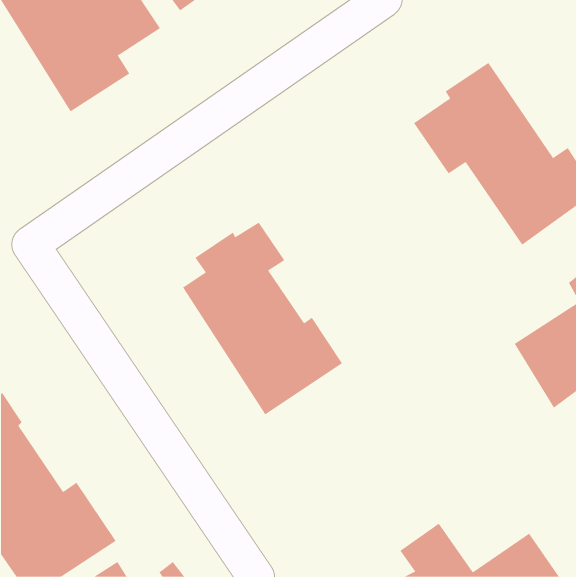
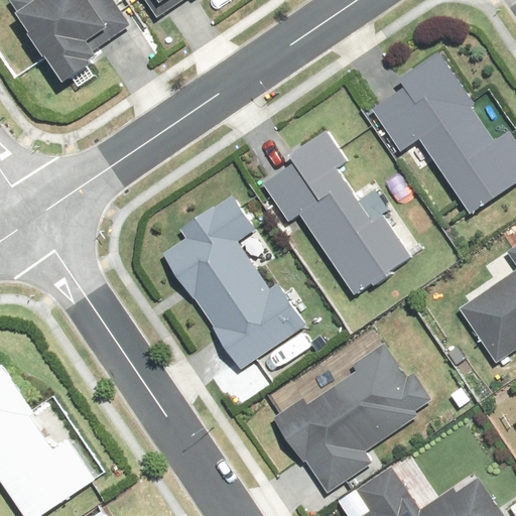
building: none -> [265,129,411,296]
building: none -> [274,340,429,491]

